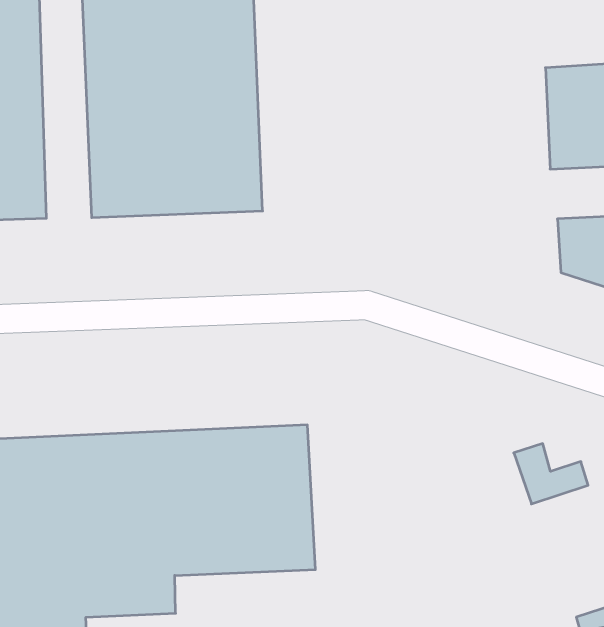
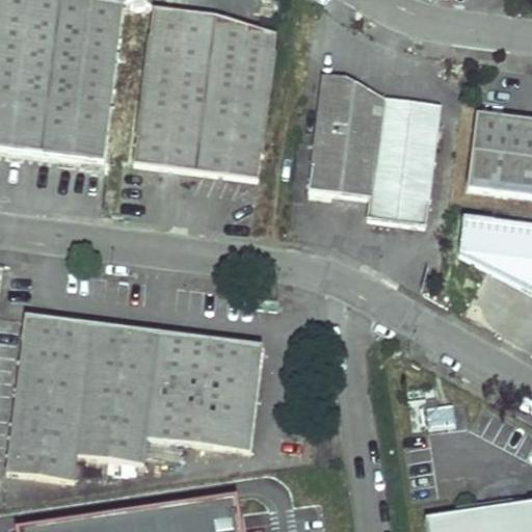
building: none -> [311,84,443,234]

